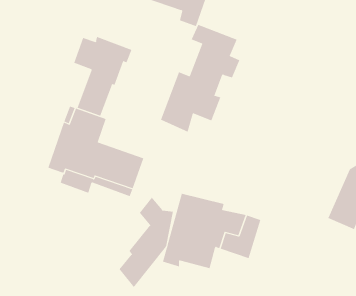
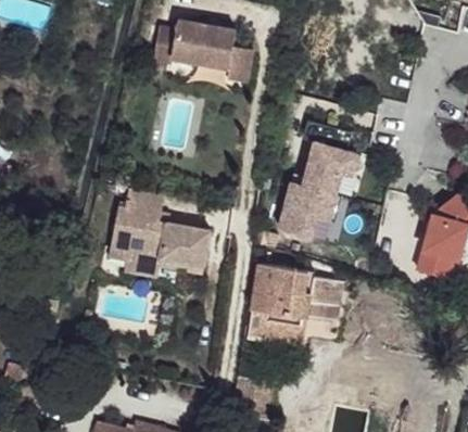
building: [160,24,240,132] -> [279,122,356,239]
building: [73,36,132,117] -> none
building: [119,197,174,288] -> none

